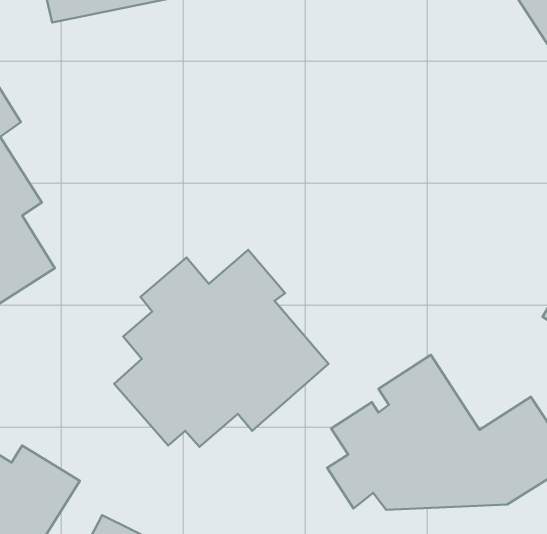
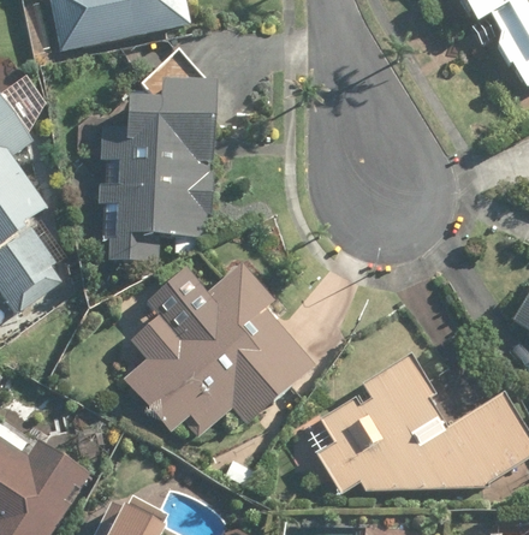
building: none -> [97,85,215,264]

